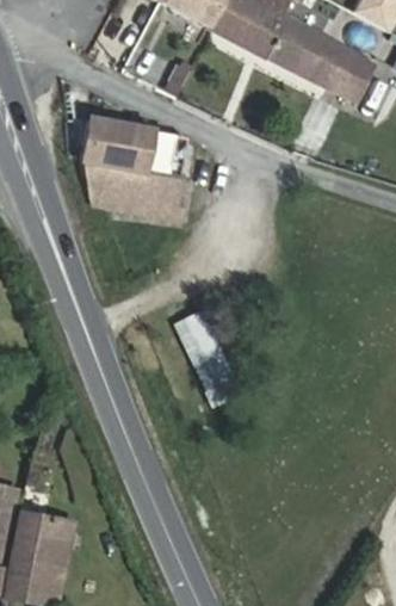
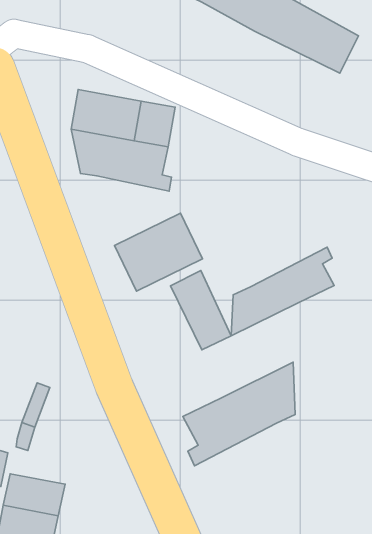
building: none -> [115,213,202,291]
building: none -> [231,247,334,336]
building: none -> [183,362,295,466]

